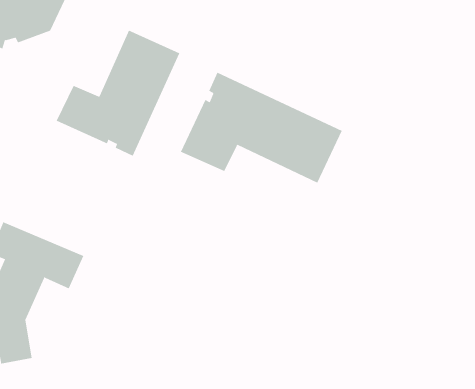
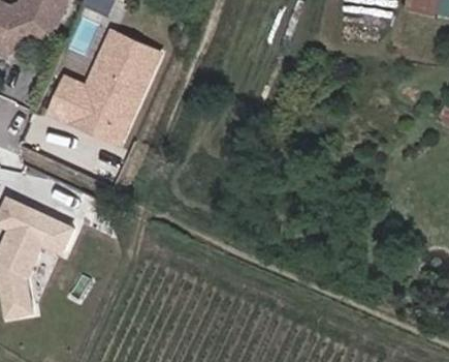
building: [180,72,342,184] -> none

